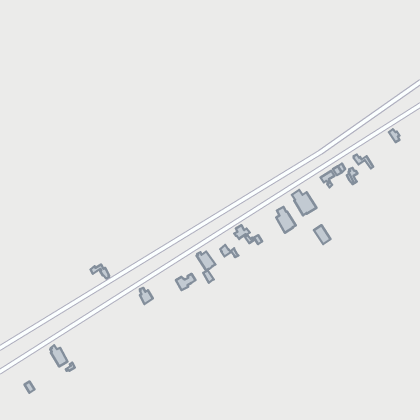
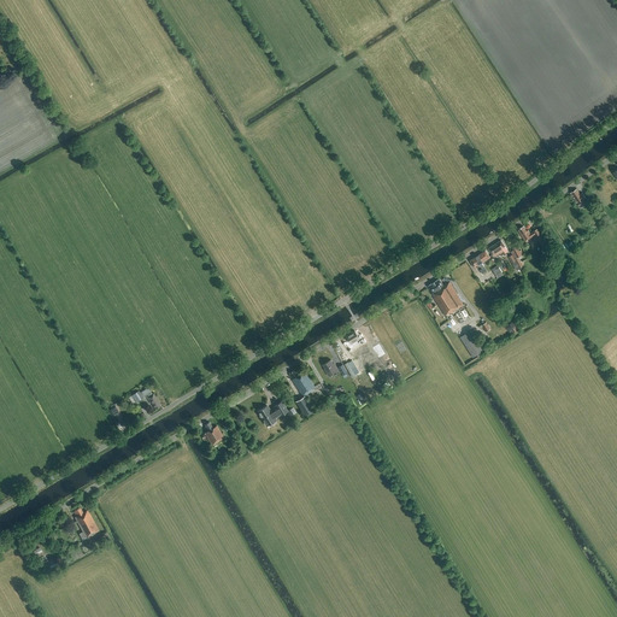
building: [276,207,296,233] -> none

